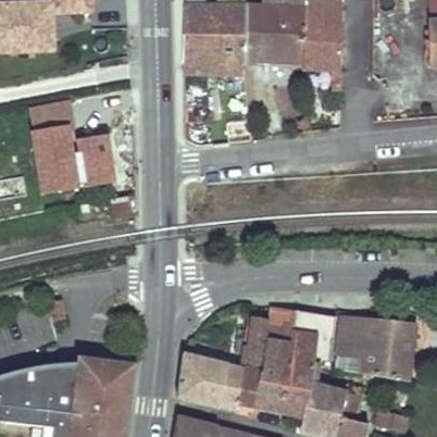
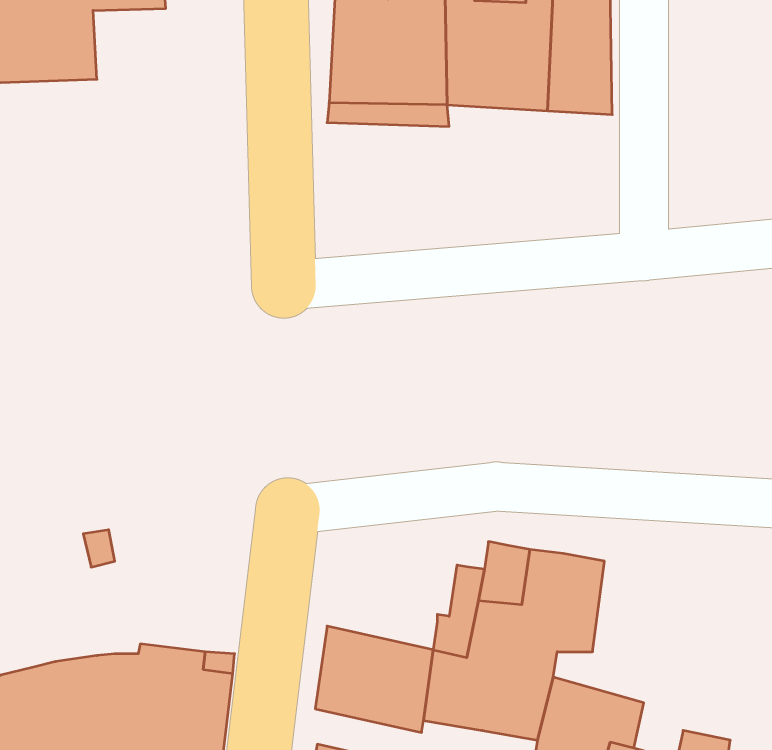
building: [33,99,113,190] -> none
building: [335,315,414,379] -> none

